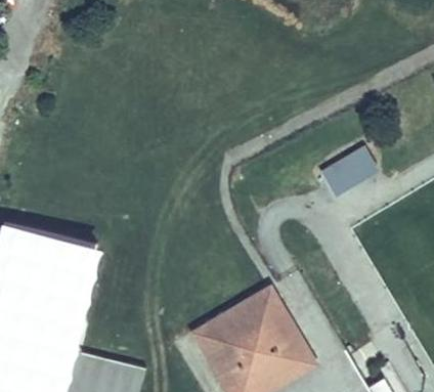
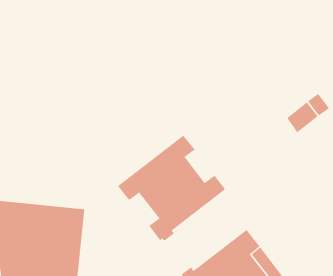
building: none -> [117,135,226,242]

